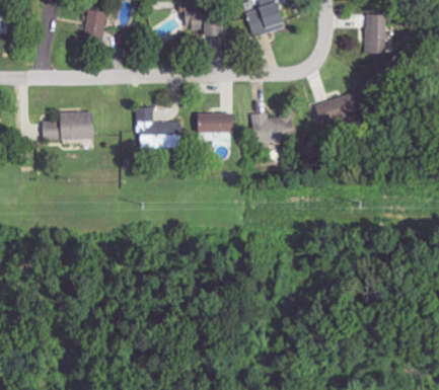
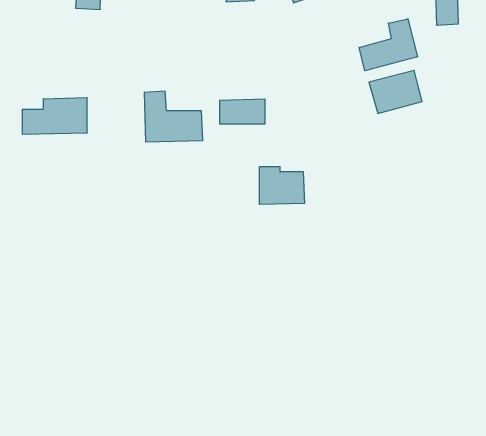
building: none -> [359,19,418,71]
building: [254,112,290,142] -> [259,167,305,204]

